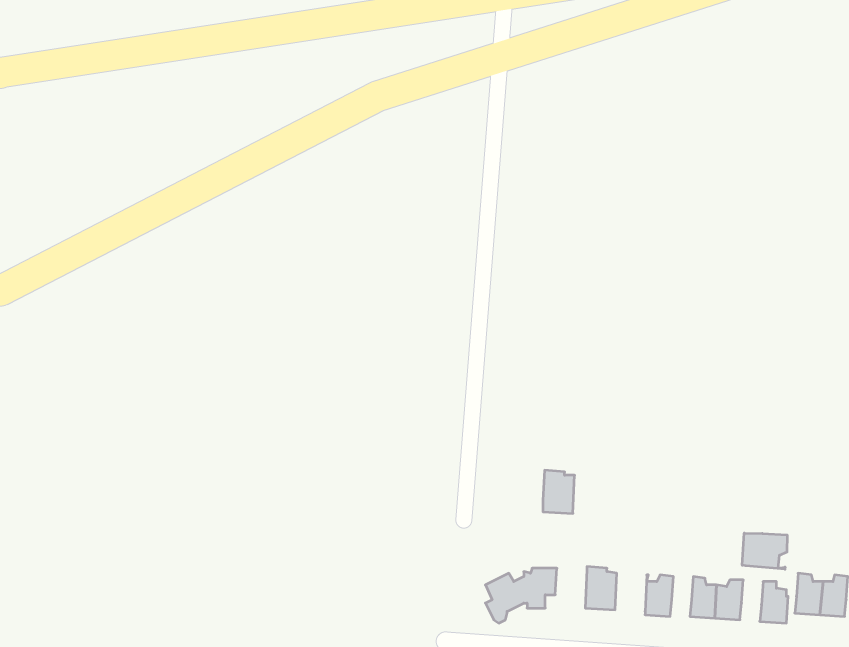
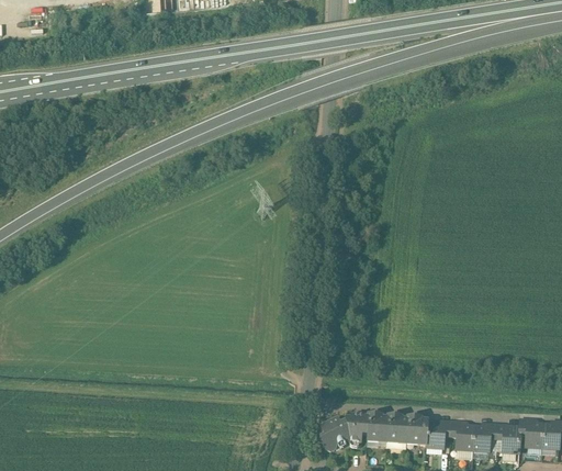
building: [543,470,575,513] -> [367,414,387,442]
building: [742,533,787,569] -> none
building: none -> [406,417,427,445]

